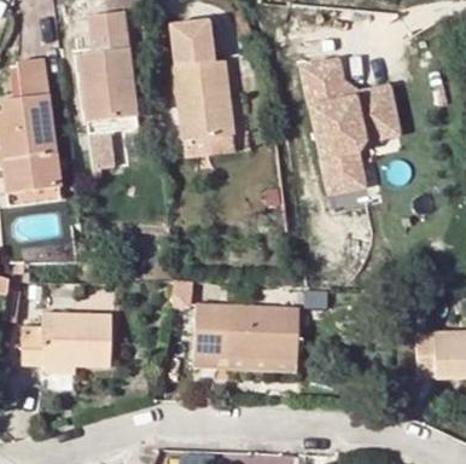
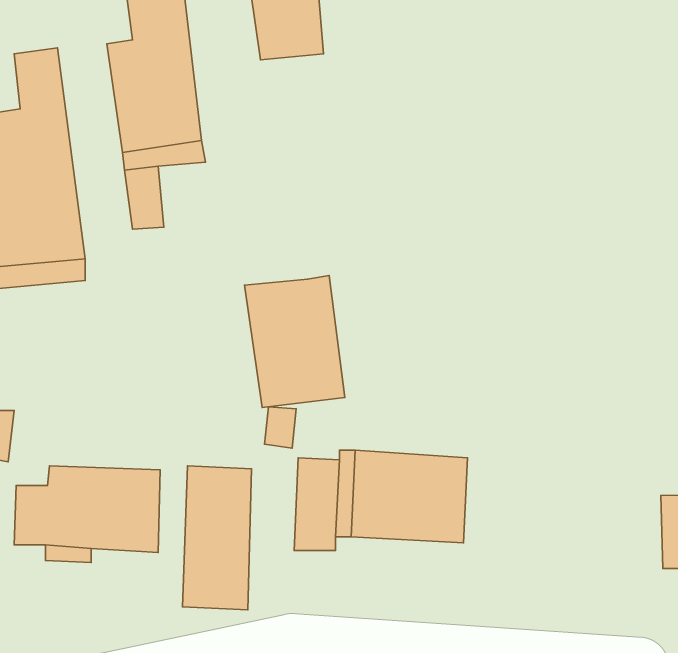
building: [171,58,233,139] -> [244,275,345,407]
building: [301,58,397,192] -> none
building: none -> [183,466,251,610]

